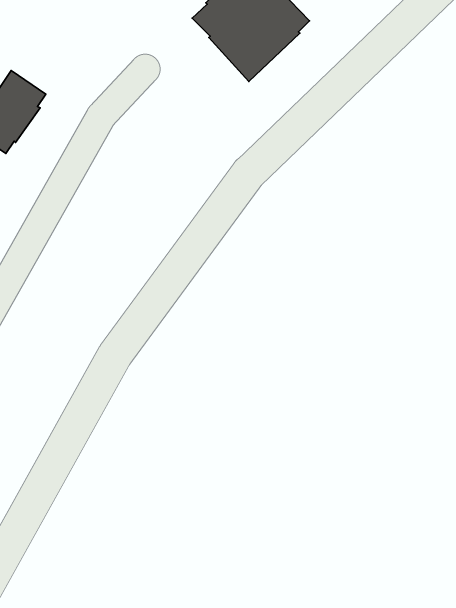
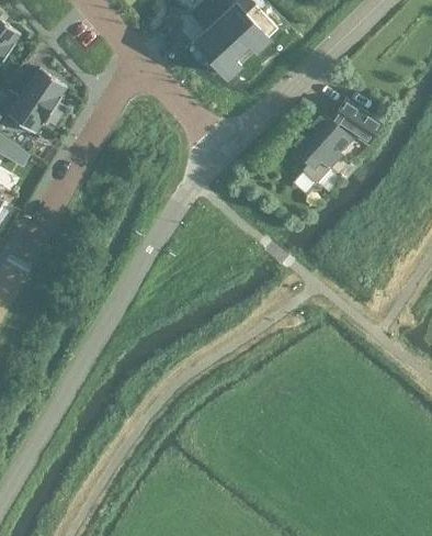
building: none -> [291,100,380,182]

